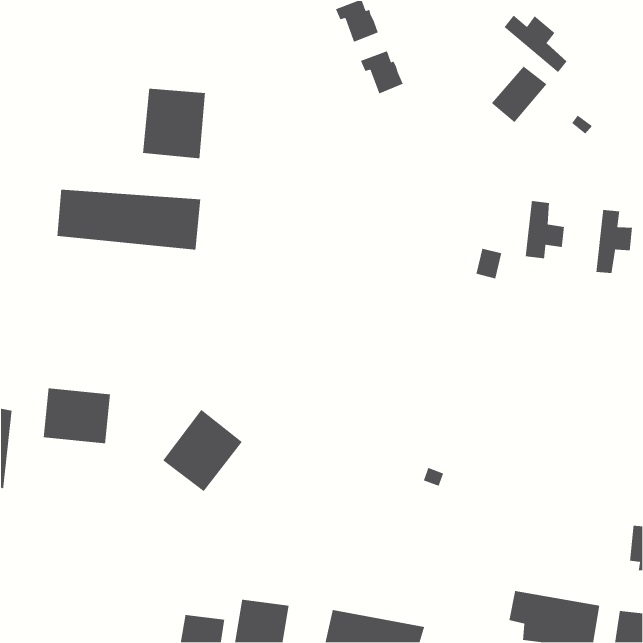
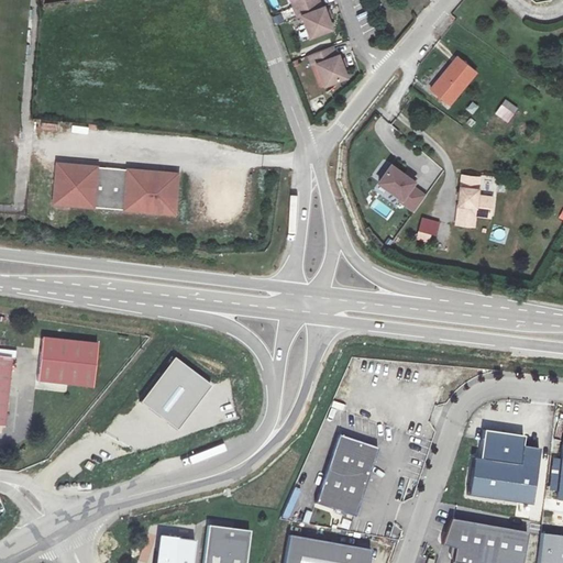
building: [503,15,568,73] -> none
building: [142,88,206,159] -> none
building: none -> [379,166,427,212]
building: [595,209,633,274] -> none
building: none -> [470,430,542,504]
building: none -> [316,433,379,516]

